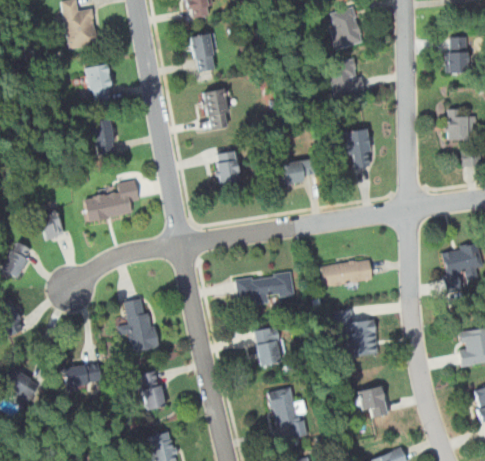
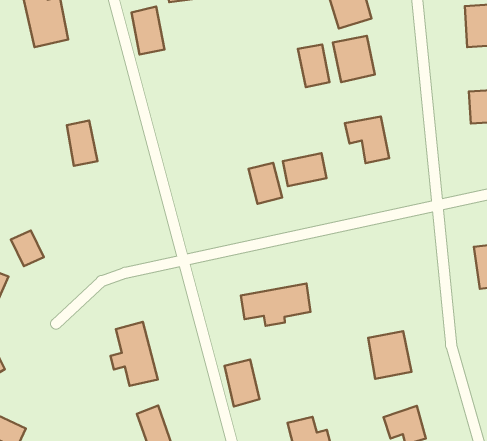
building: [190,32,217,73] -> [131,6,165,54]
building: none -> [298,44,330,87]
building: [84,63,113,104] -> none
building: [201,87,233,130] -> none
building: [212,150,240,185] -> [248,163,282,204]
building: [84,179,139,222] -> none
building: [320,258,372,288] -> none
building: [253,326,282,366] -> [224,360,260,406]
building: [62,363,102,390] -> none

